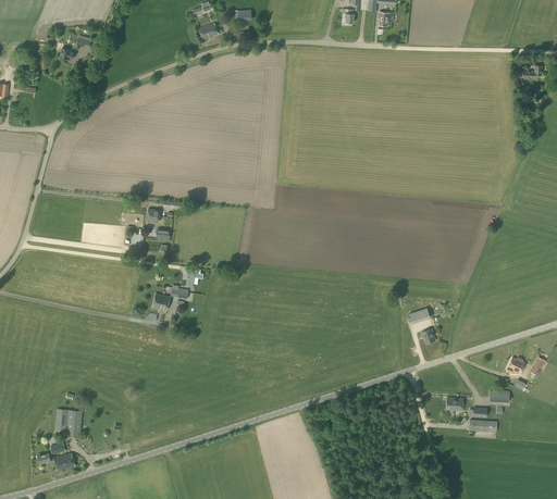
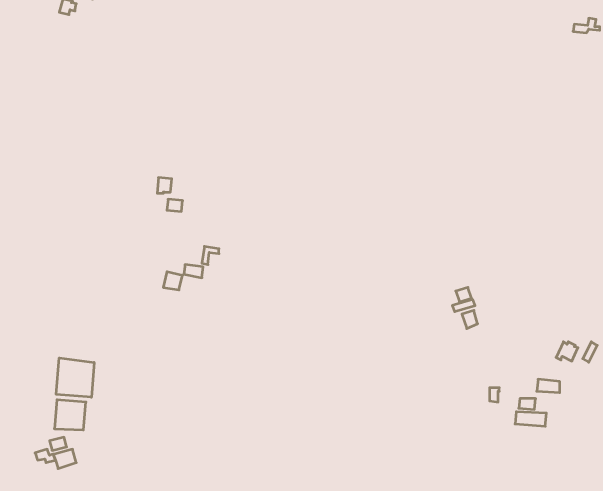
building: none -> [56,358,94,397]

